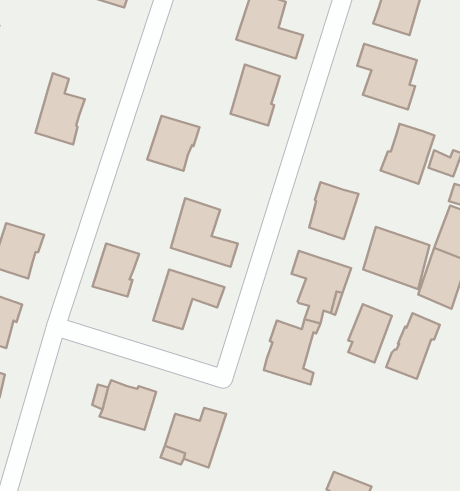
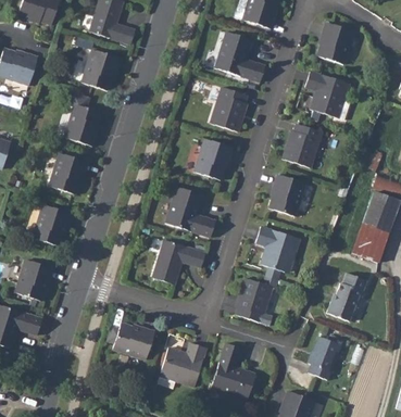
building: none -> [80,49,120,90]
building: [147,116,199,171] -> [193,138,233,179]
building: [381,124,434,184] -> [281,123,322,167]
building: none -> [48,152,87,193]
building: [363,227,430,289] -> none
building: [92,243,139,297] -> none
building: [348,304,392,362] -> [308,336,340,379]
building: none -> [211,342,255,399]

